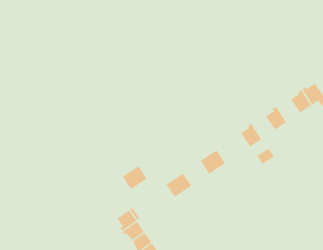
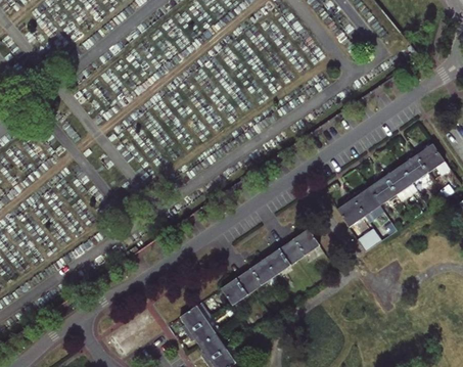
building: none -> [384,165,418,199]
building: none -> [353,186,382,215]
building: none -> [266,242,298,274]
building: [122,166,148,190] -> [222,273,254,304]

